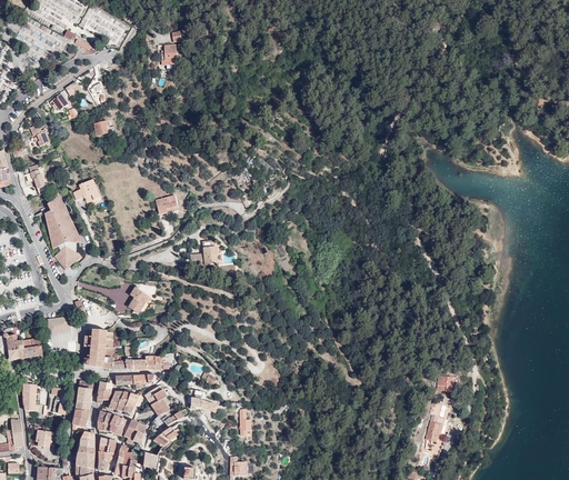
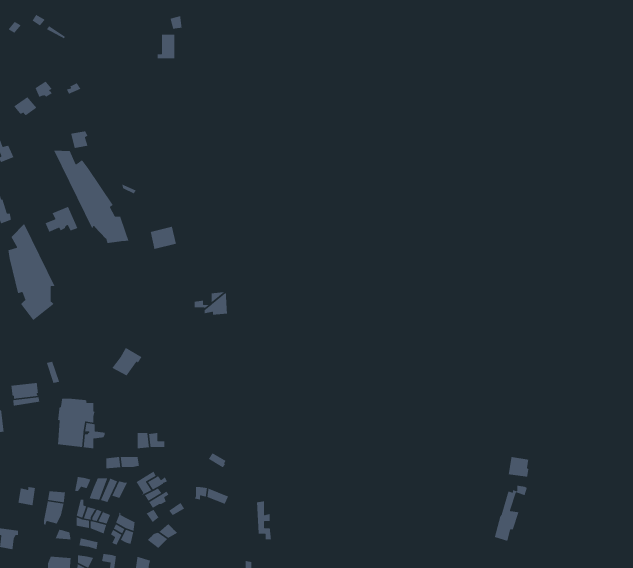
building: none -> [53,150,130,244]

